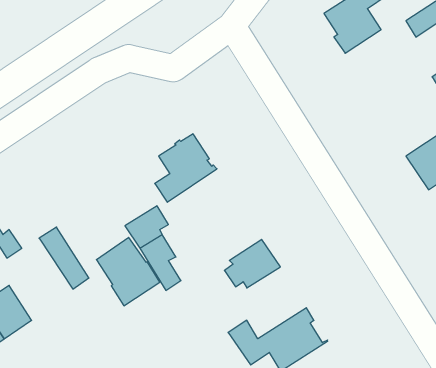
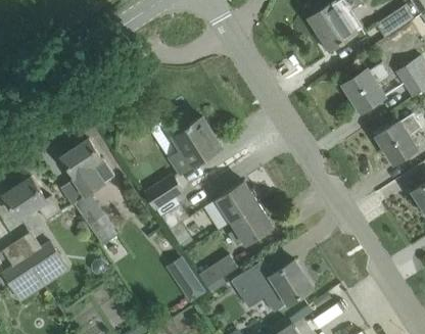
building: none -> [343,62,391,112]
building: none -> [218,182,258,222]
building: [96,237,160,306] -> [62,139,114,195]
building: none -> [199,255,237,293]
building: none -> [175,269,206,303]

